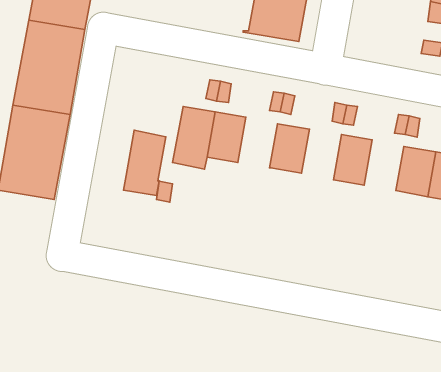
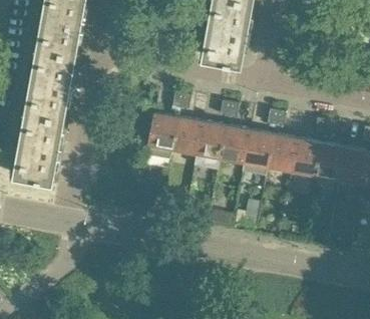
building: none -> [240,130,272,177]
building: [123,130,166,195] -> [192,121,224,171]
building: none -> [289,138,319,177]

